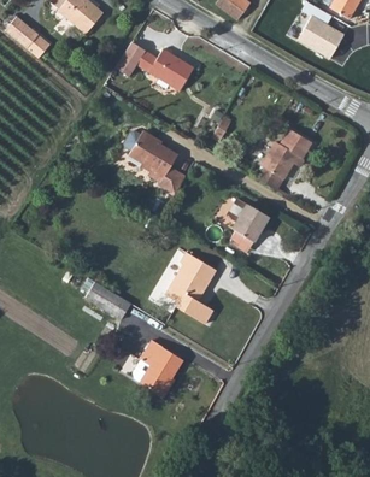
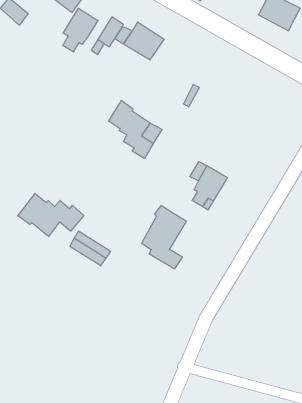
building: none -> [63,8,98,52]
building: [257,136,310,194] -> none
building: none -> [18,193,84,237]
building: [134,340,184,393] -> none

